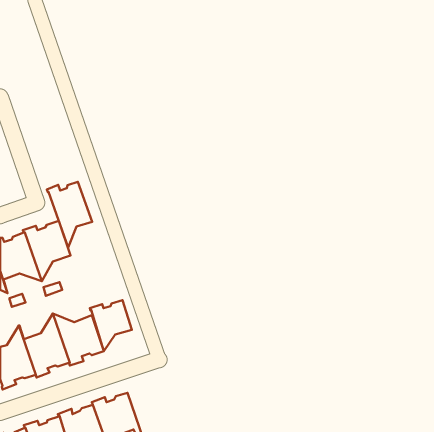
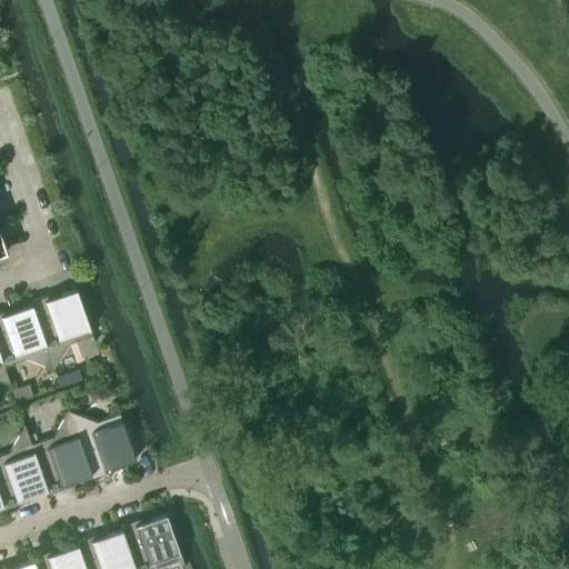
building: [47,182,92,247] -> none
building: [90,300,132,351] -> none

